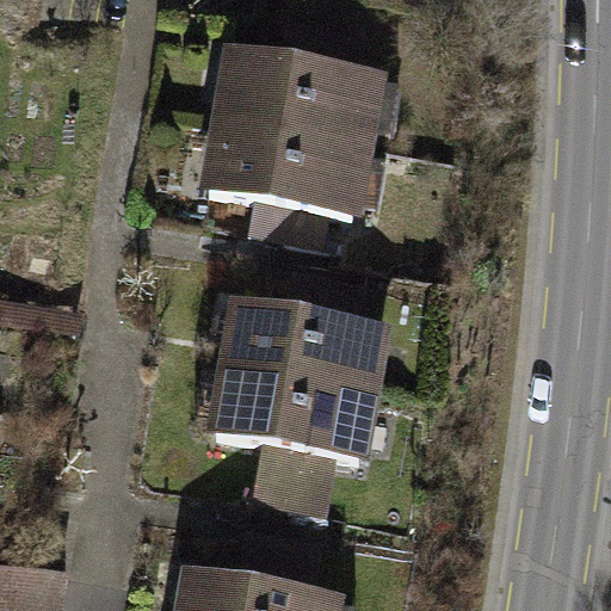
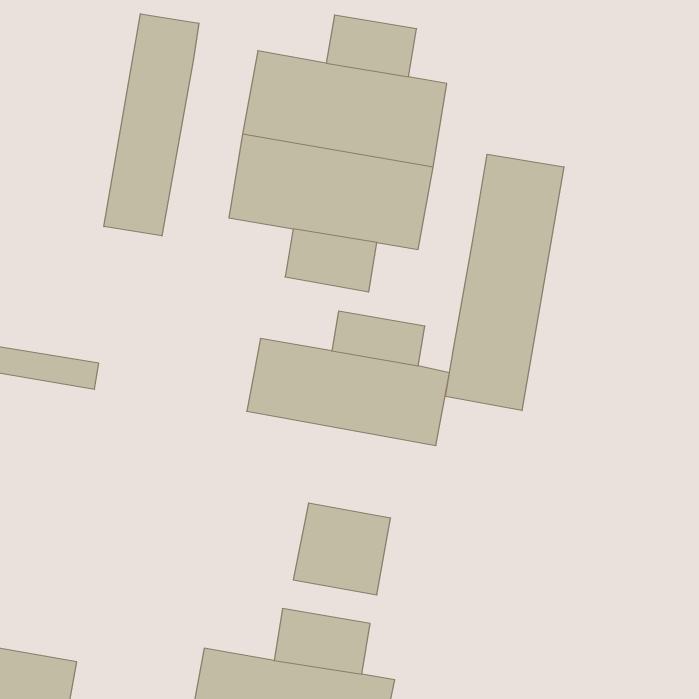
building: none -> [104,14,199,236]
building: none -> [446,154,564,411]
building: [203,359,379,457] -> none

